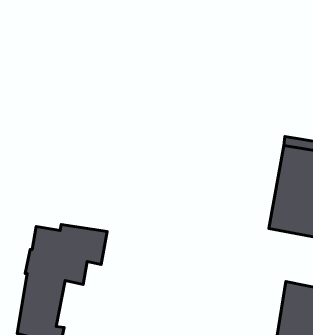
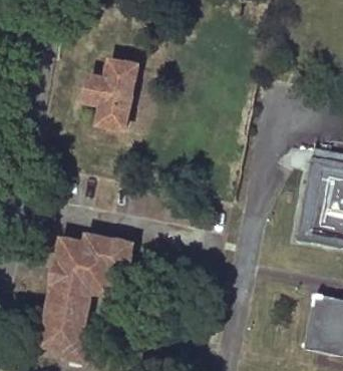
building: none -> [86,59,136,128]

